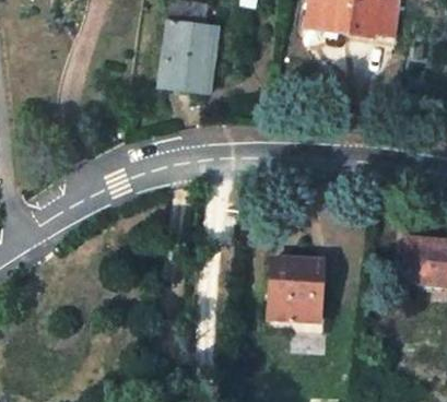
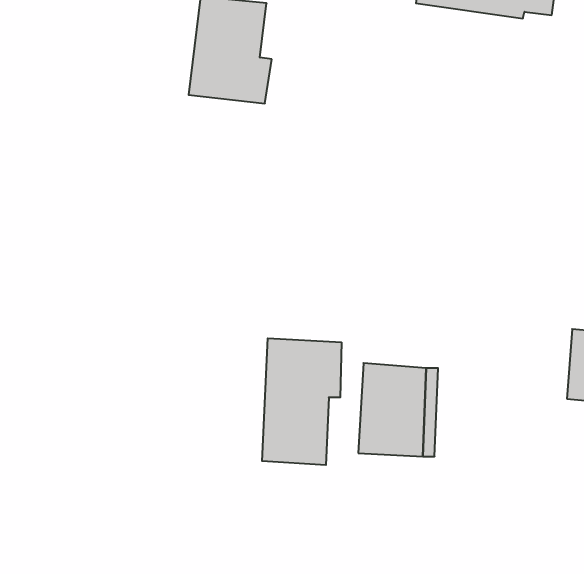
building: none -> [262,338,341,465]

